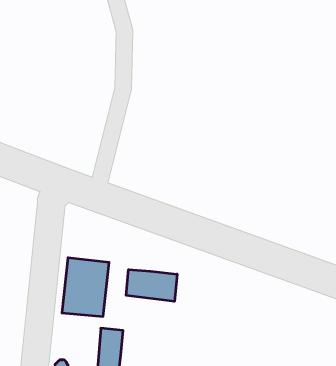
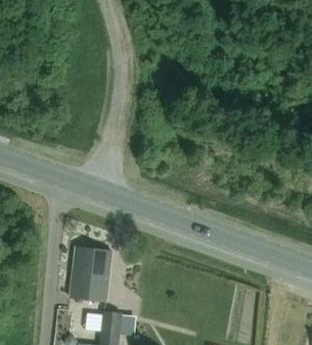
building: [126,270,177,301] -> none

